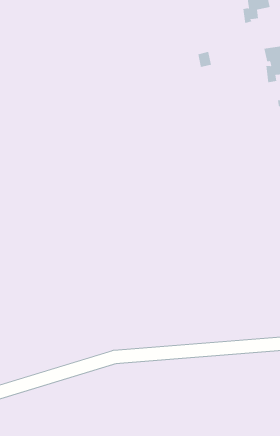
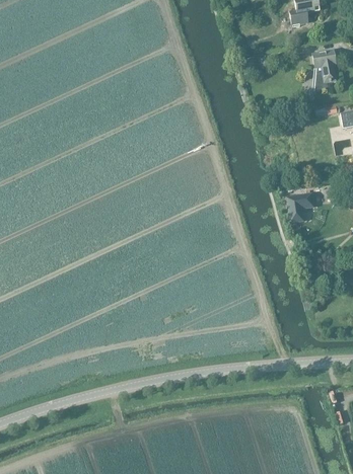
building: none -> [286,194,312,222]

